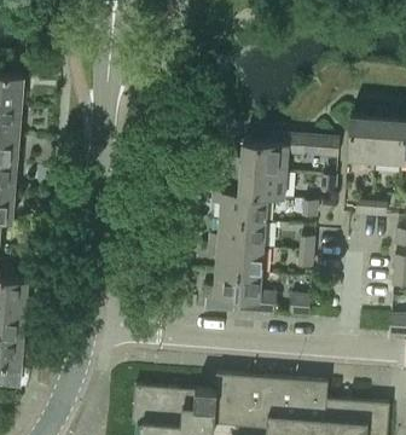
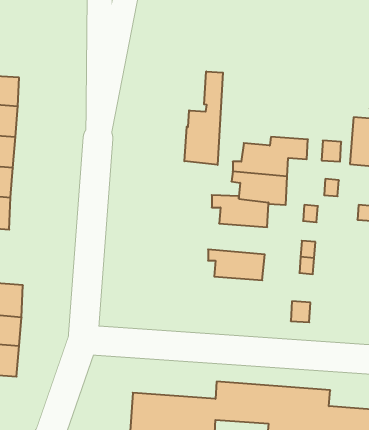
building: none -> [184,71,223,165]
building: [208,220,266,250] -> none
building: [204,272,278,314] -> none

